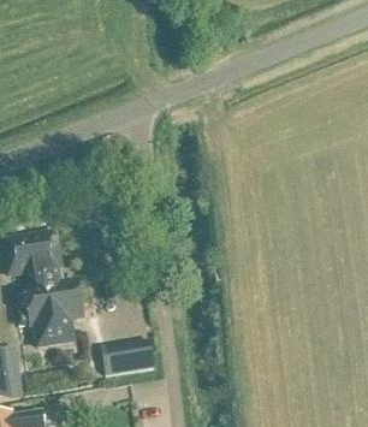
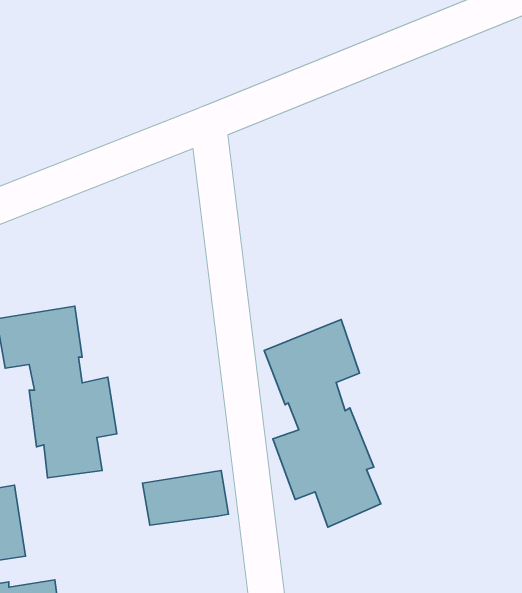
building: none -> [264,320,381,527]

